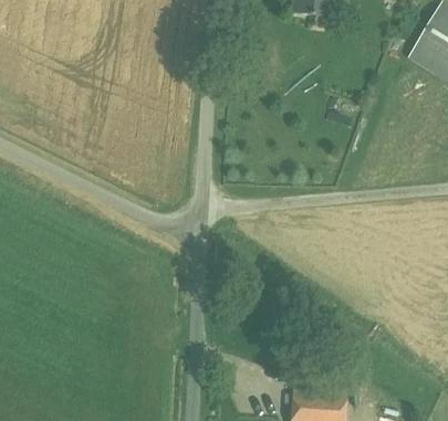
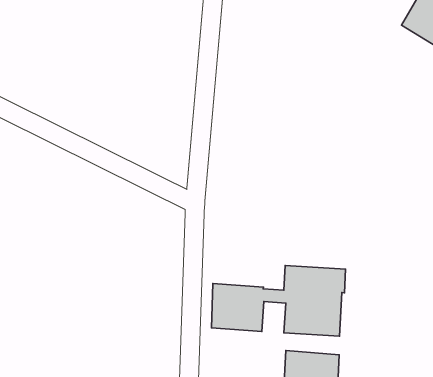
building: none -> [211,266,345,336]

